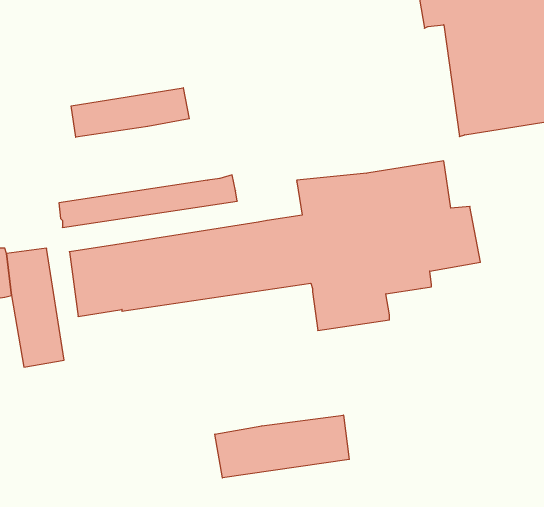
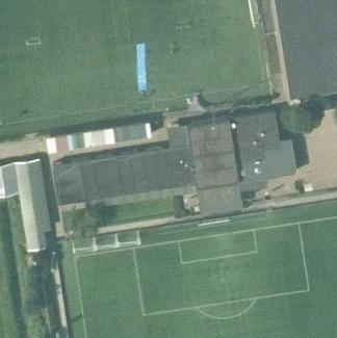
building: [71,88,189,137] -> none
building: [215,415,349,478] -> none

